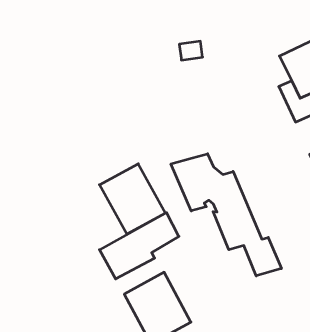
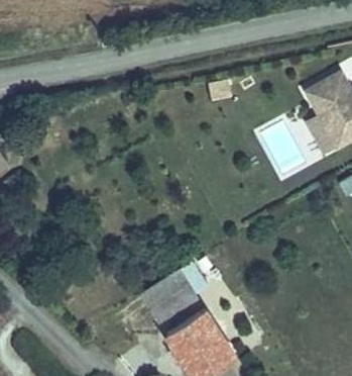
building: [171,154,281,276] -> none
building: [99,164,166,234] -> none

